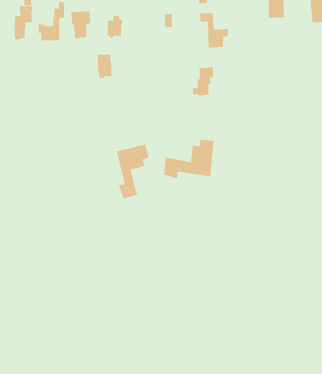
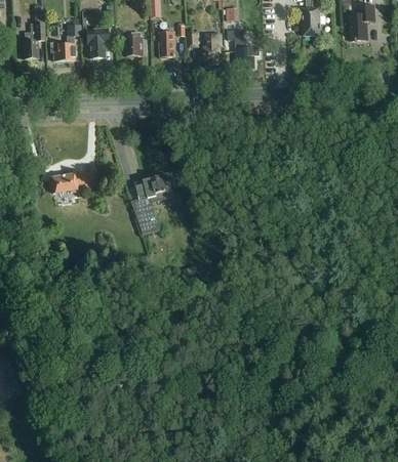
building: [97,54,112,79] -> [158,31,174,57]
building: [192,67,214,97] -> [198,32,222,65]
building: [164,139,214,179] -> none
building: none -> [49,171,95,192]

